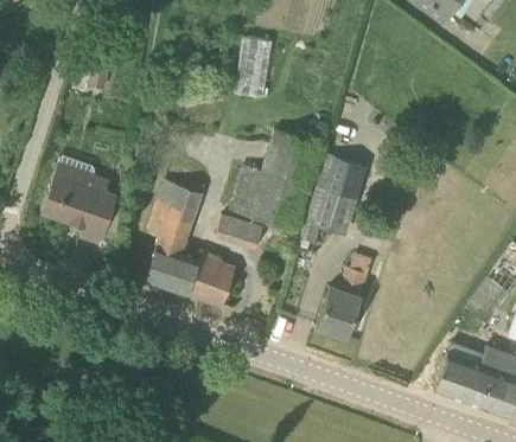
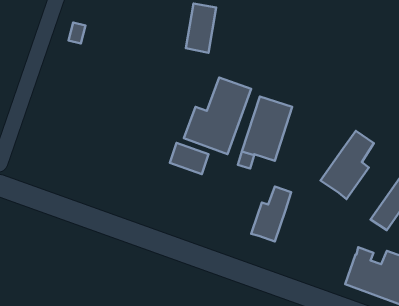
building: [40,155,117,242] -> none
building: [144,180,228,305] -> none
building: none -> [321,131,374,199]

